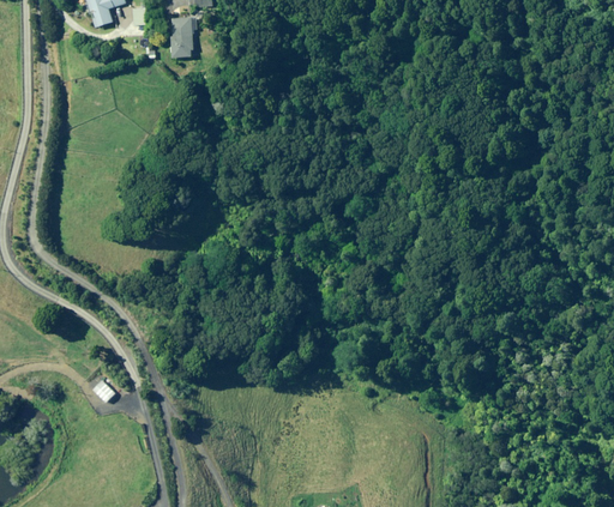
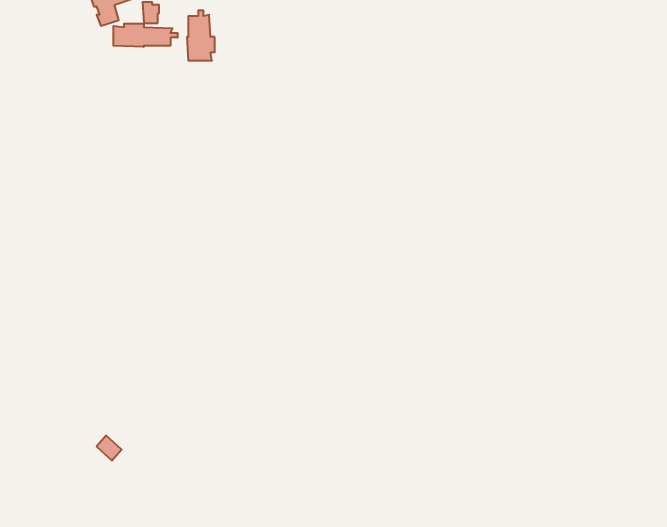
building: none -> [113,24,178,47]

